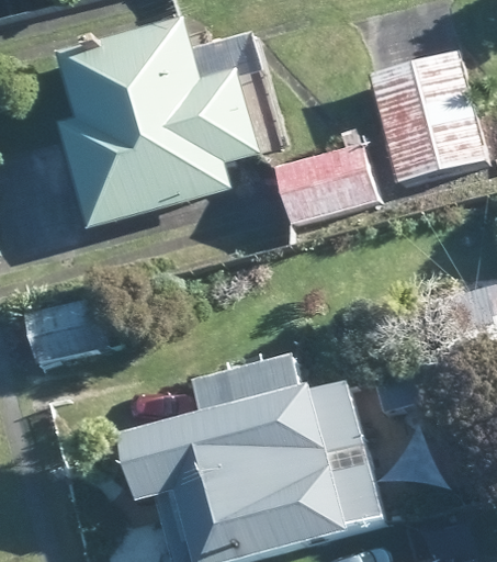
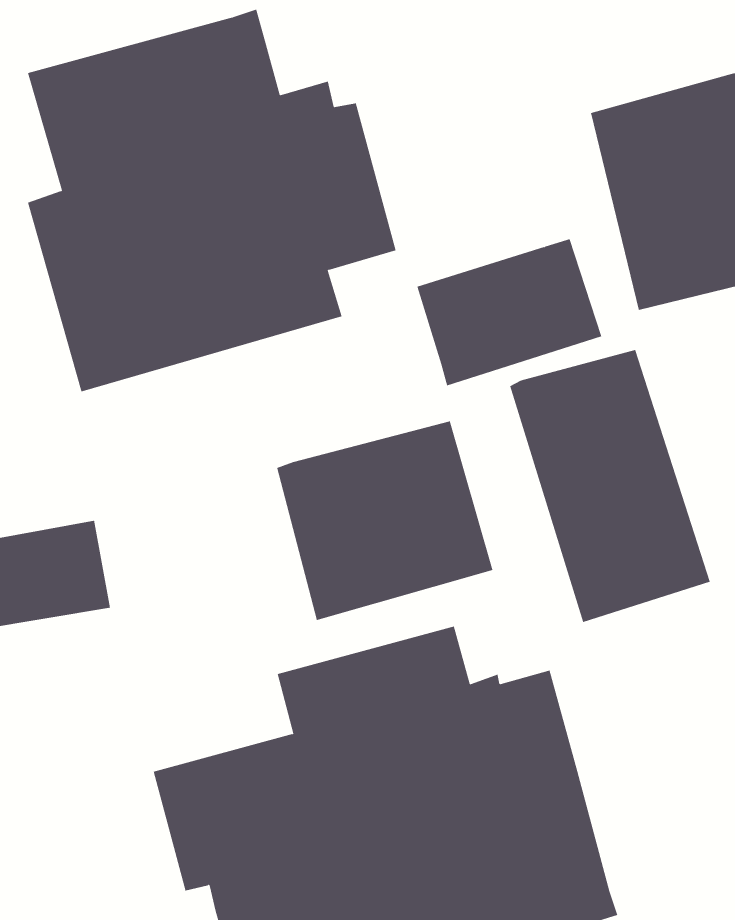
building: none -> [510,349,710,623]
building: none -> [276,421,493,621]

